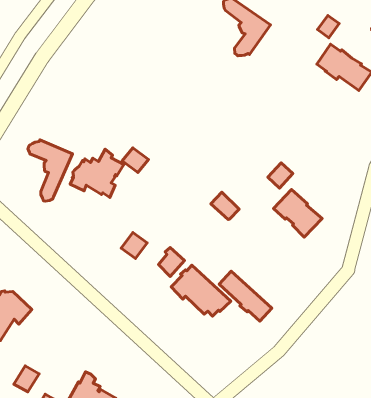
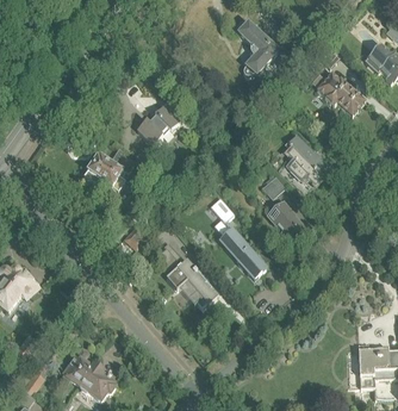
building: none -> [136,105,180,145]
building: none -> [282,135,327,183]
building: [28,140,73,201] -> none
building: [219,271,272,321] -> [219,229,265,276]

